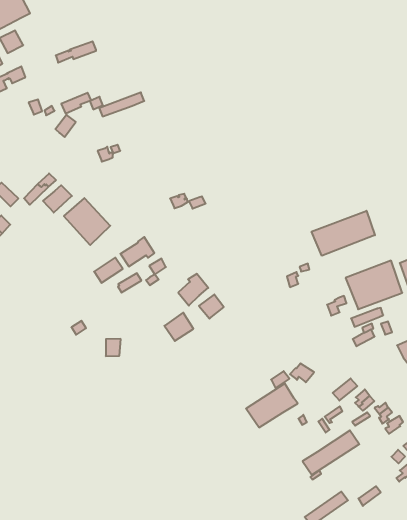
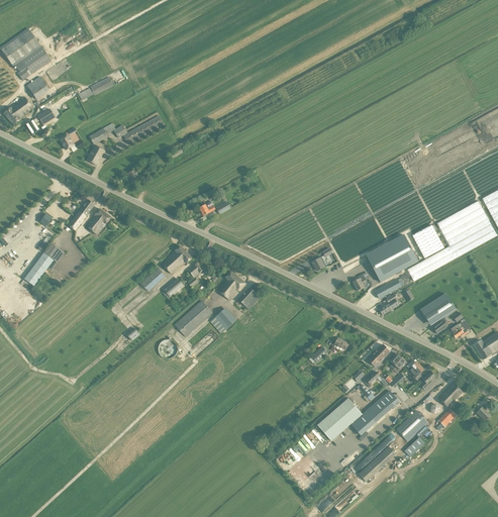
building: [64,198,110,245] -> none
building: [312,211,375,256] -> none
building: none -> [174,300,211,336]
building: [246,383,298,427] -> [316,398,362,440]
building: none -> [396,410,426,440]

